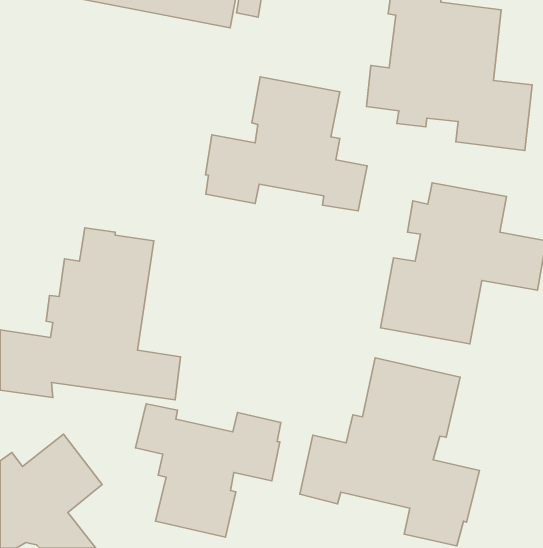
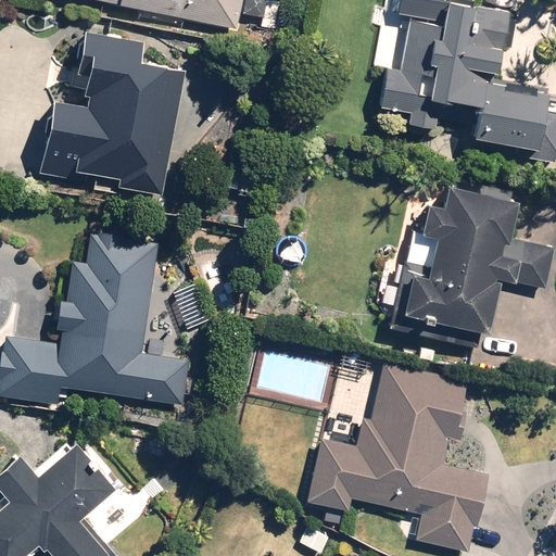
building: none -> [38,30,186,198]
building: [206,77,367,211] -> none
building: [136,404,281,537] -> none

